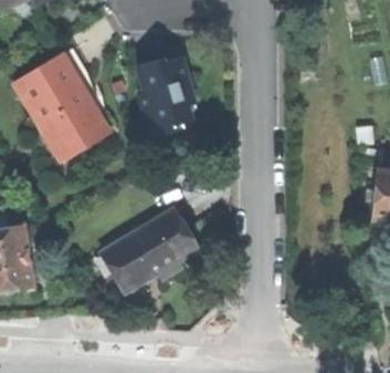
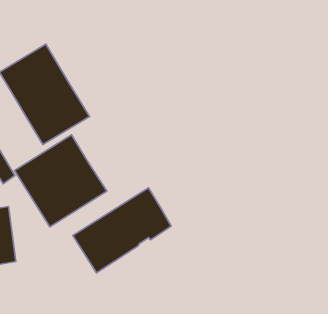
building: [136,56,192,135] -> none
building: none -> [14,135,107,227]

